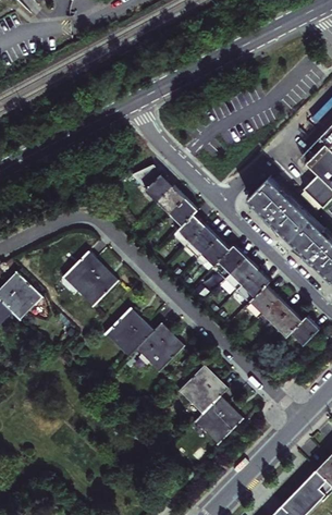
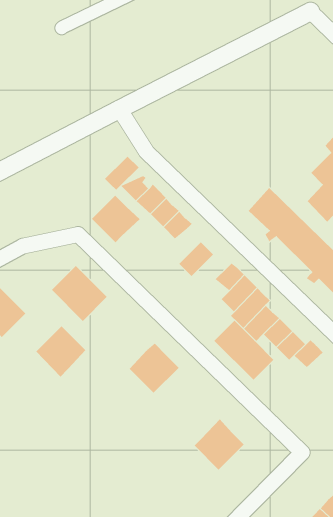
building: none -> [104,156,139,191]
building: none -> [91,195,140,243]
building: [170,216,204,248] -> none
building: [195,240,228,272] -> none
building: none -> [213,320,274,381]
building: [107,305,153,353] -> [36,325,86,377]
building: [181,363,226,409] -> none

